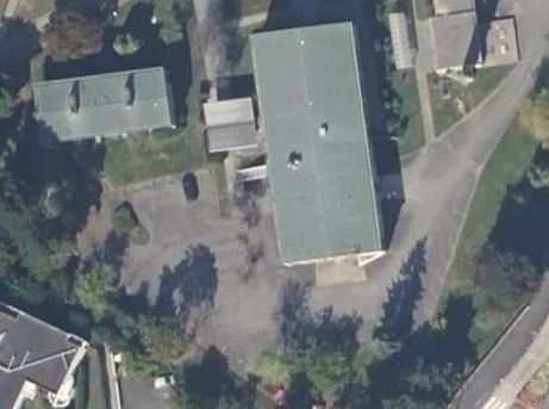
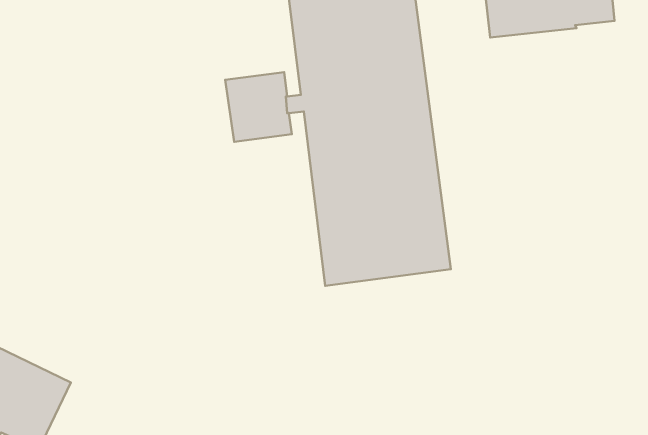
building: [36,69,171,144] -> none

